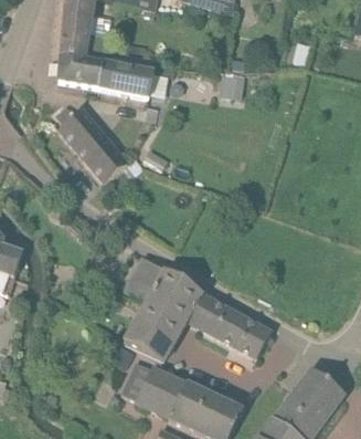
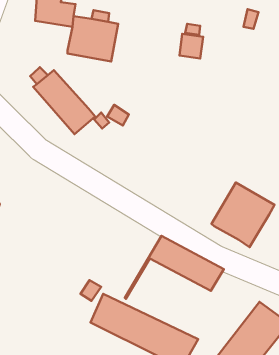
building: [59,54,103,87] -> none
building: none -> [211,182,275,247]
building: [121,255,202,365] -> none

